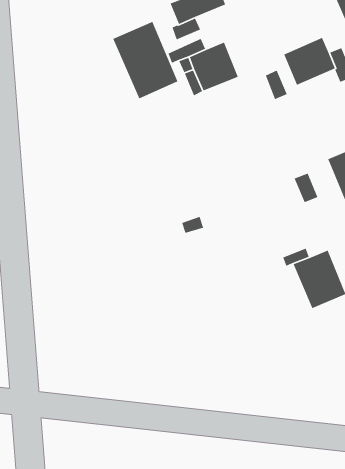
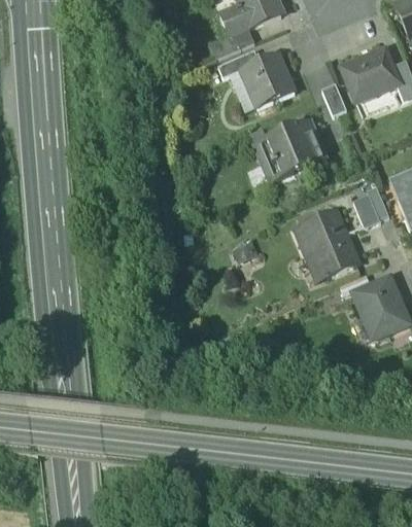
building: [112,21,179,99] -> none
building: none -> [255,120,319,178]
building: none -> [299,208,357,278]

